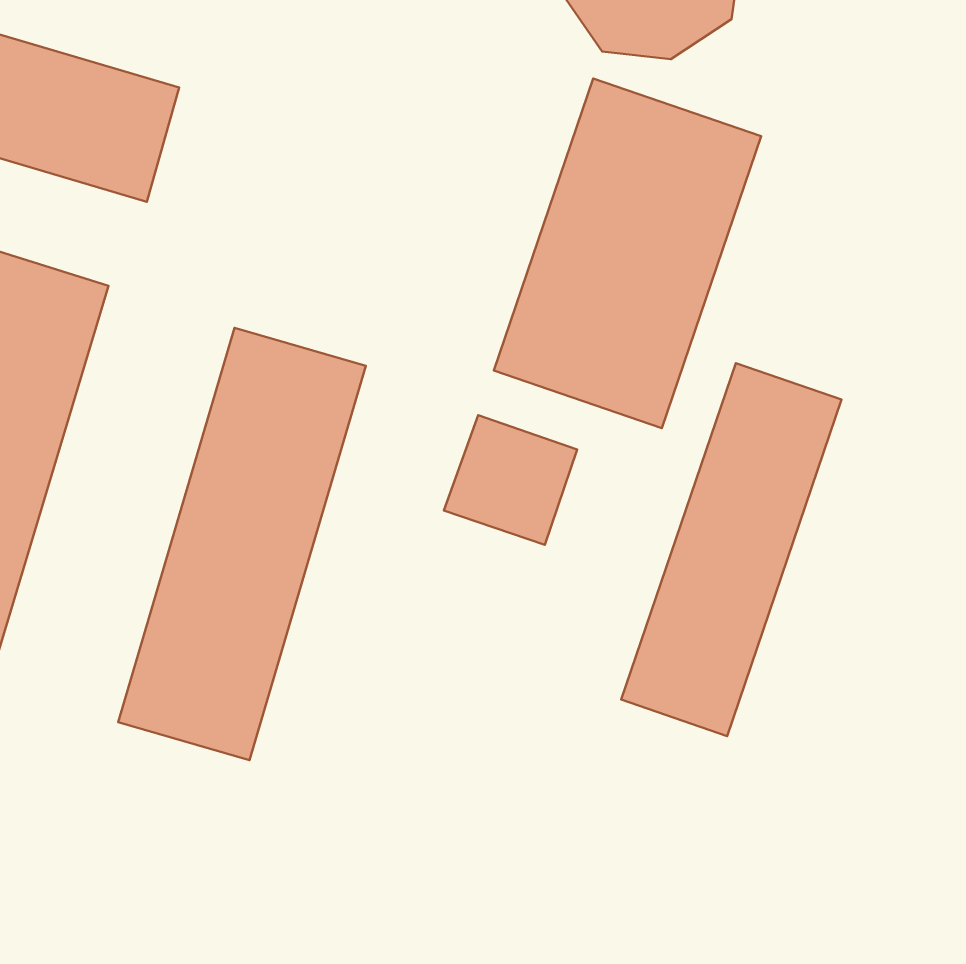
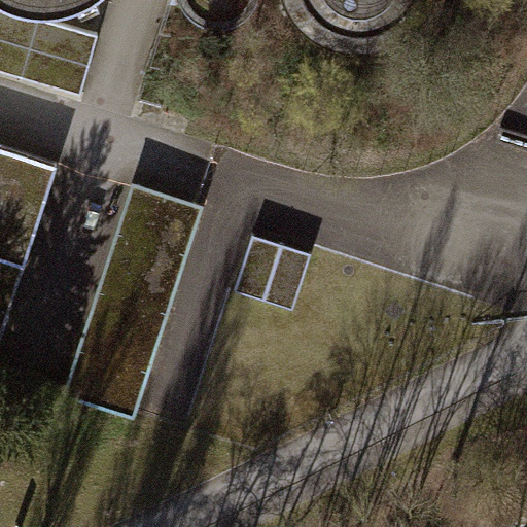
building: [494,79,761,428] -> none
building: [621,363,842,736] -> none

